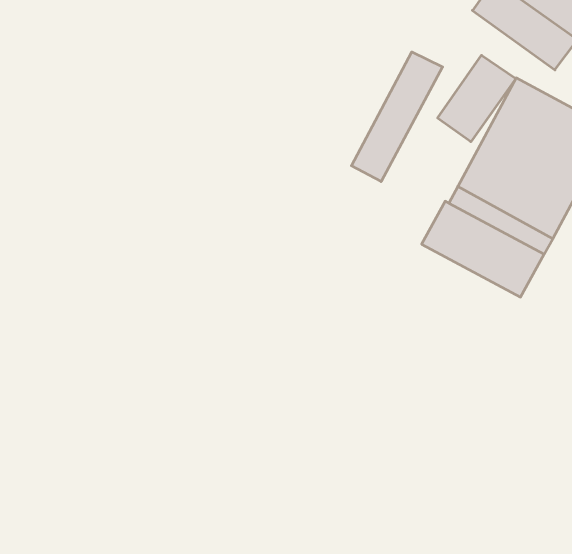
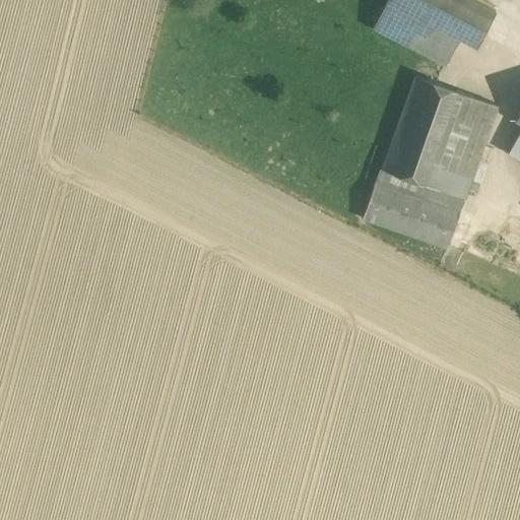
building: [351,52,443,182] -> none
building: [438,55,516,142] -> none

